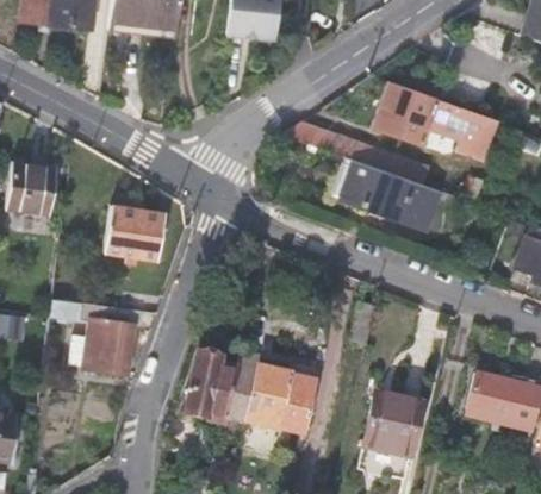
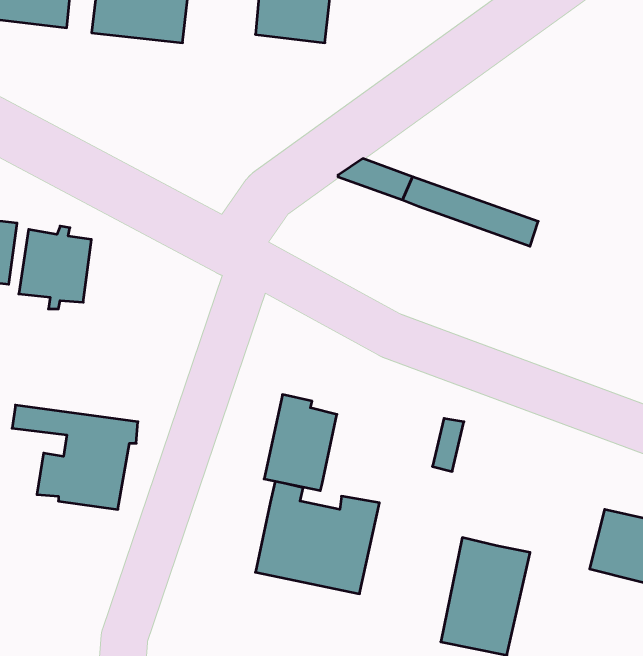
building: [374,82,498,158] -> none
building: [331,156,439,229] -> none
building: [108,202,161,262] -> [19,226,91,309]
building: [185,355,237,424] -> [264,395,337,491]

